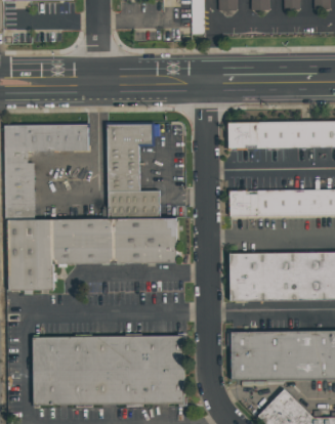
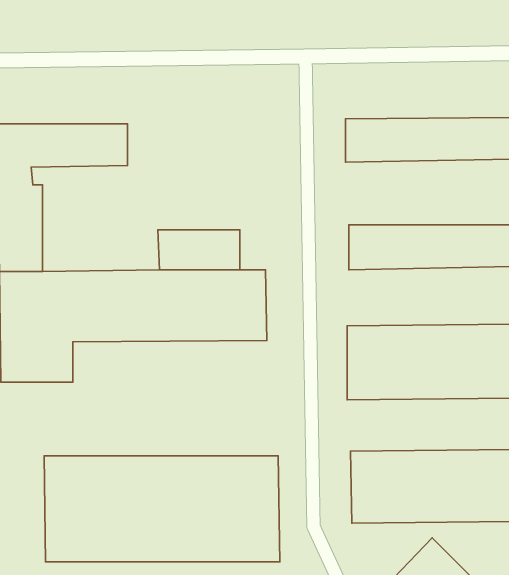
building: [106,123,154,192] -> none

